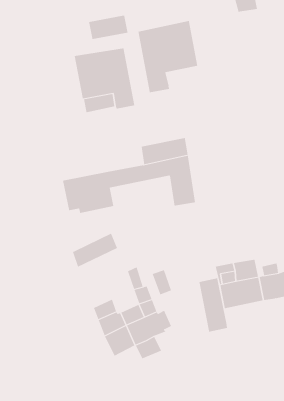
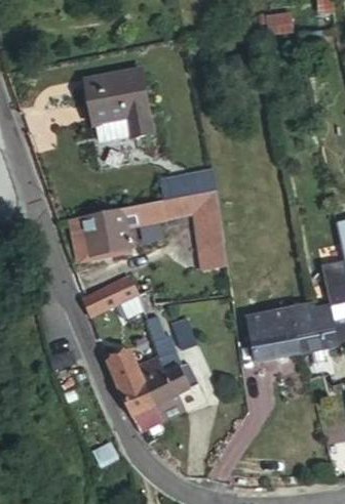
building: [89,15,128,40] -> none
building: [138,20,198,93] -> none
building: [199,278,228,333] -> none

